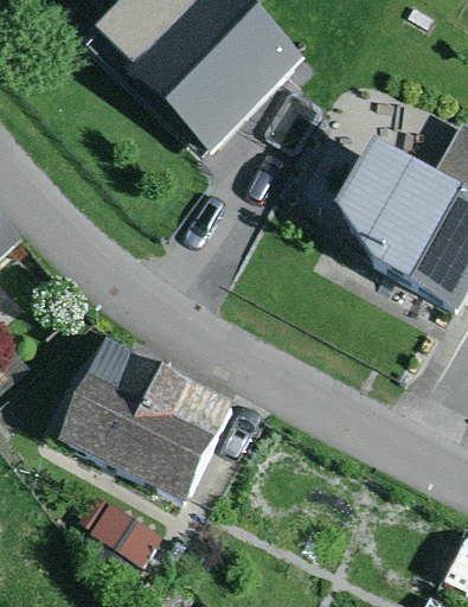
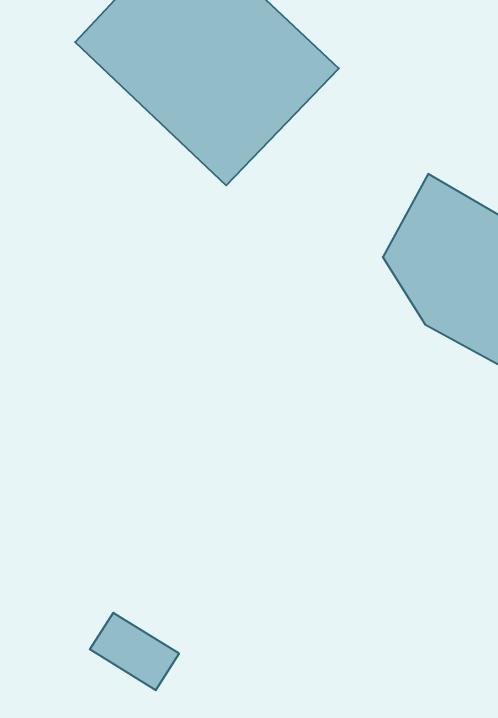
building: [57,334,235,499] -> none

